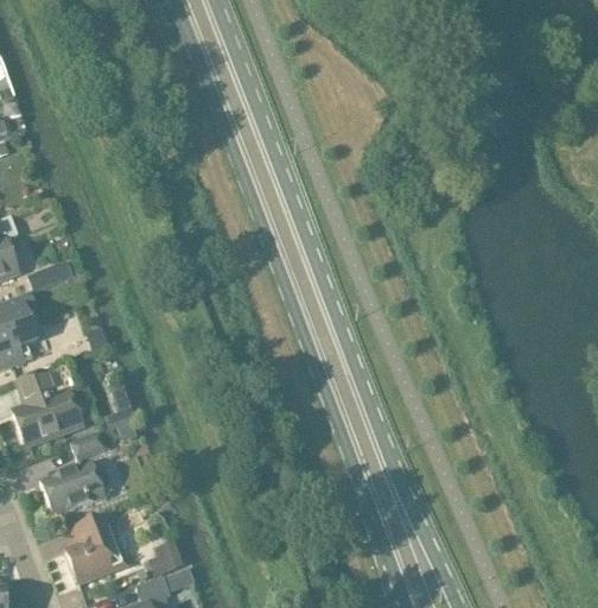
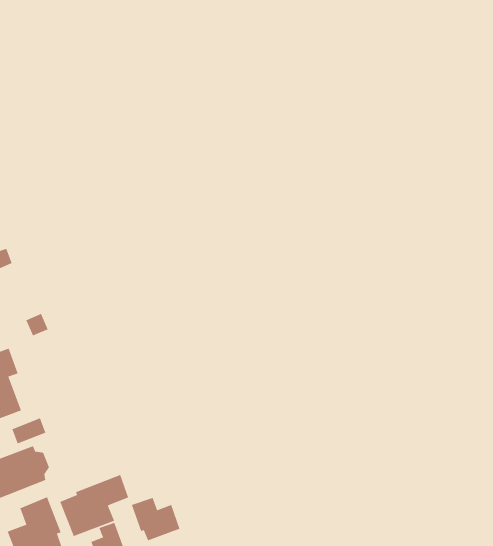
building: none -> [59,474,129,537]
building: none -> [131,497,180,541]

